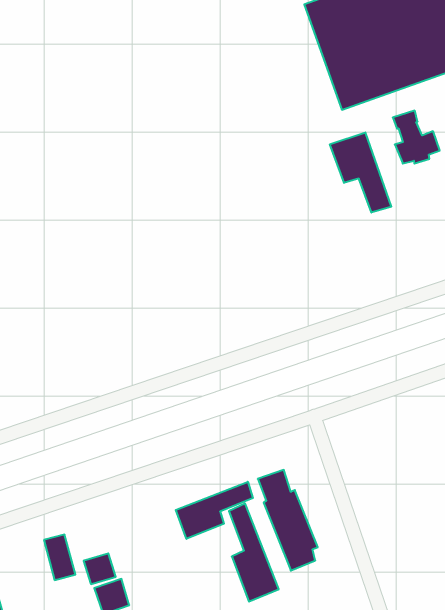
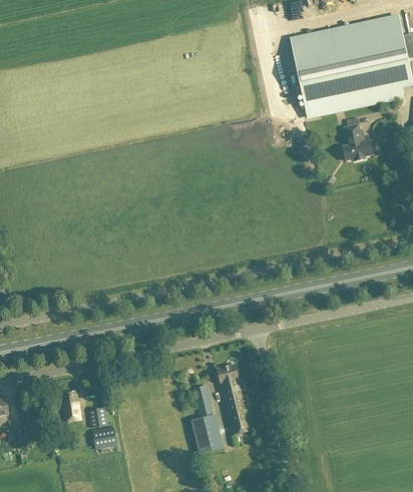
building: [330,132,391,213] -> none
building: [176,482,253,539] -> none

